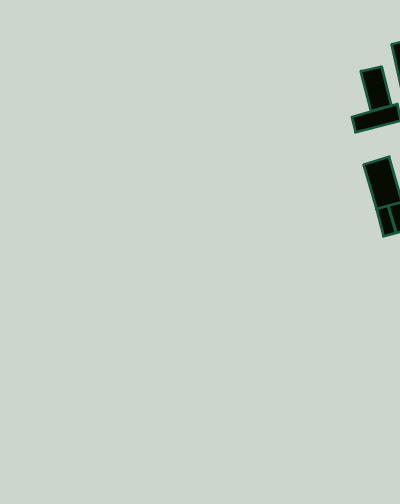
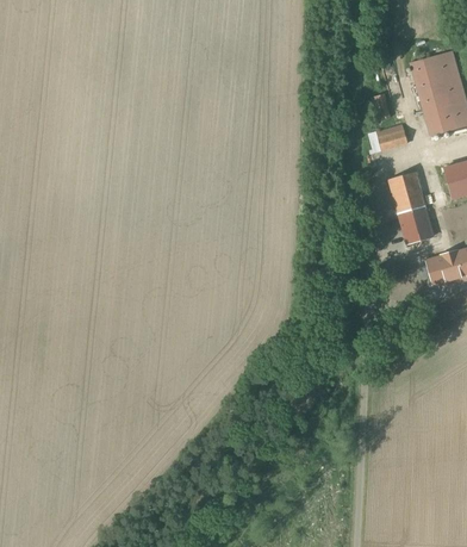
building: [361,67,391,111] -> none

